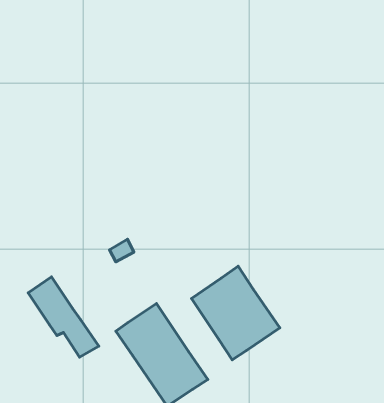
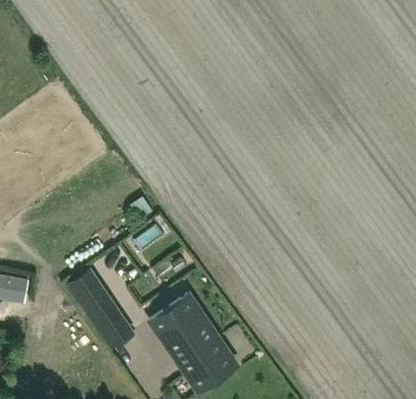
building: [191,266,280,360] -> none

